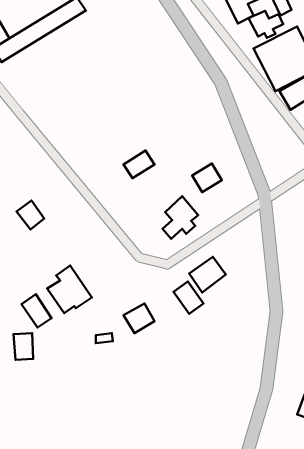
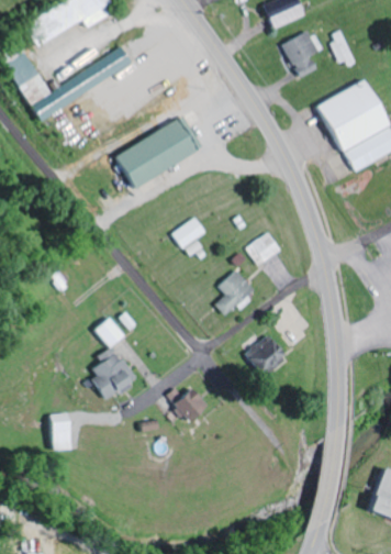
building: [248,11,283,38] -> none
building: none -> [113,117,203,186]
building: [17,201,44,229] -> [93,317,124,348]
building: [174,282,204,314] -> none
building: [22,294,51,327] -> none

